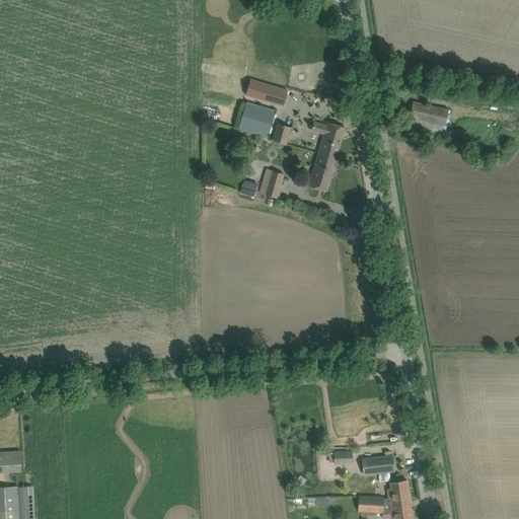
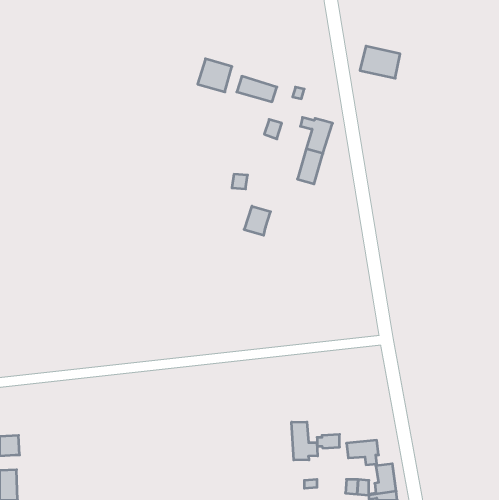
building: [406,101,448,135] -> [360,46,400,78]
building: [238,102,274,137] -> [198,59,232,92]
building: [257,168,285,199] -> [244,206,271,235]
building: none -> [292,422,318,460]

